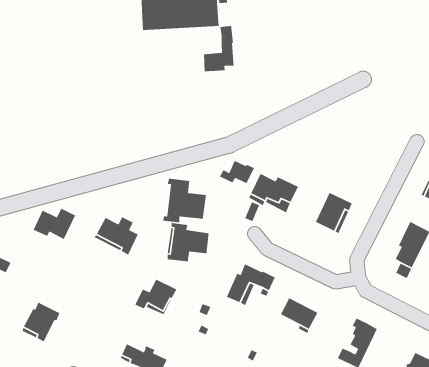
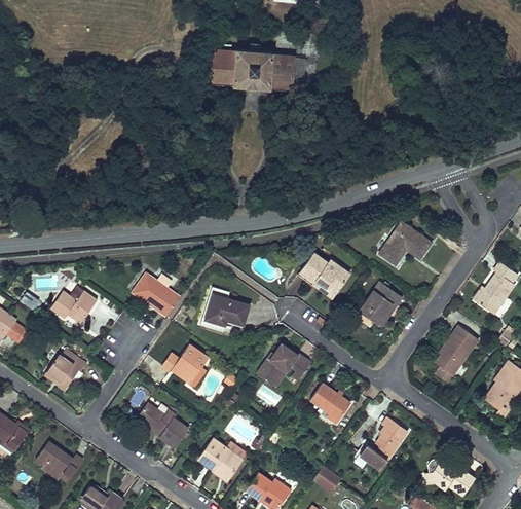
building: [203,25,234,72] -> none
building: none -> [377,220,431,264]
building: [219,160,255,184] -> none
building: [162,178,207,223] -> none
building: [33,208,76,240] -> [47,290,95,325]

